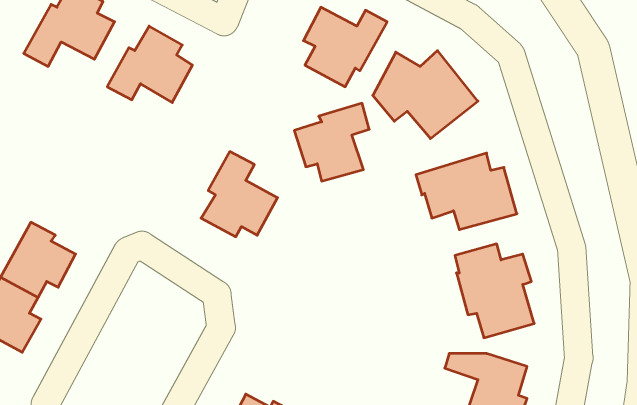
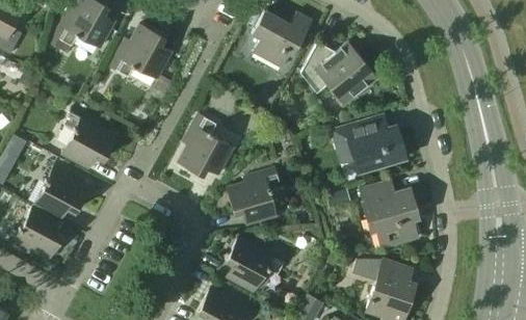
building: [294,103,369,181] -> [227,168,281,224]
building: none -> [61,107,115,168]
building: none -> [226,237,287,292]

